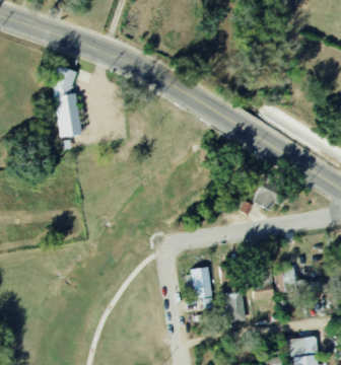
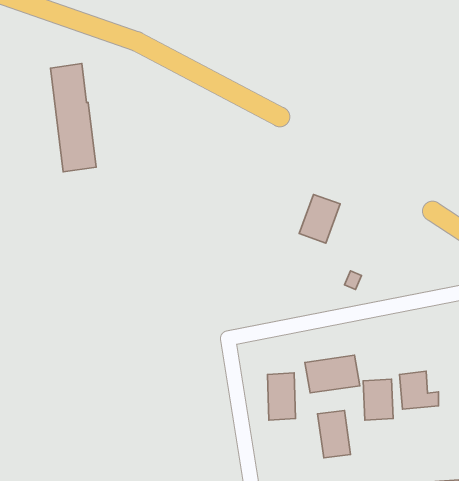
building: [255,177,281,209] -> [299,194,340,243]
building: none -> [305,355,360,393]

